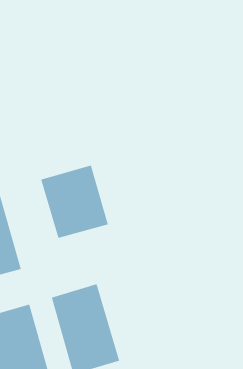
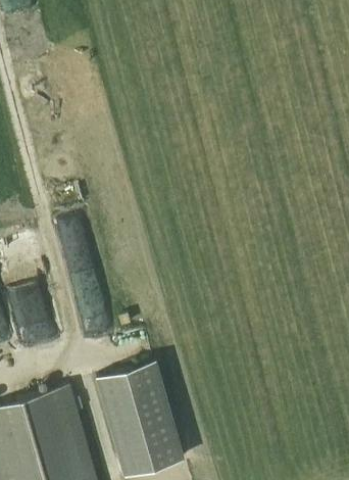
building: [40,165,109,239] -> none

